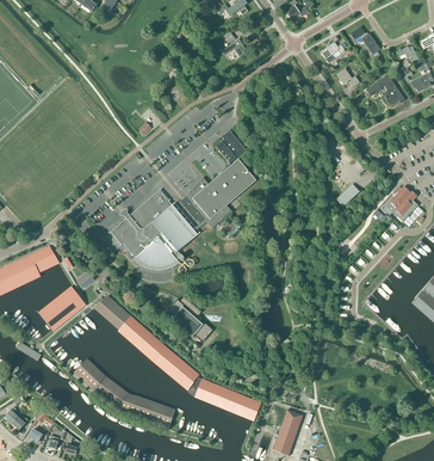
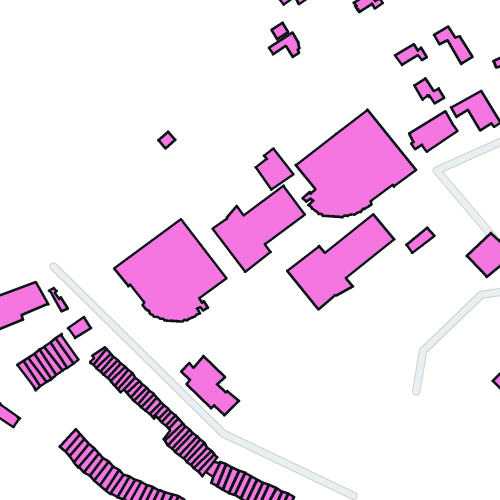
building: none -> [409,111,457,152]
building: none -> [296,110,416,217]
building: none -> [287,214,394,309]

